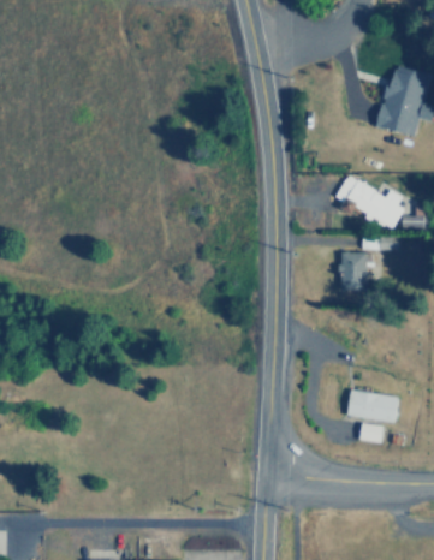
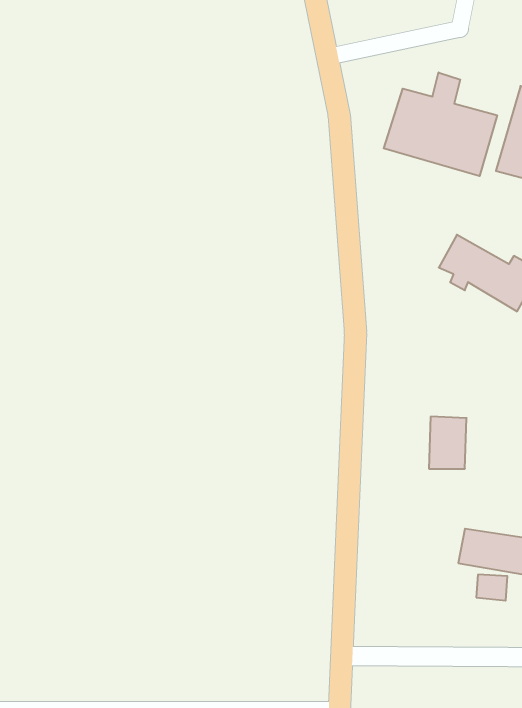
building: none -> [384,72,497,176]
building: [340,252,368,291] -> [429,417,467,469]

